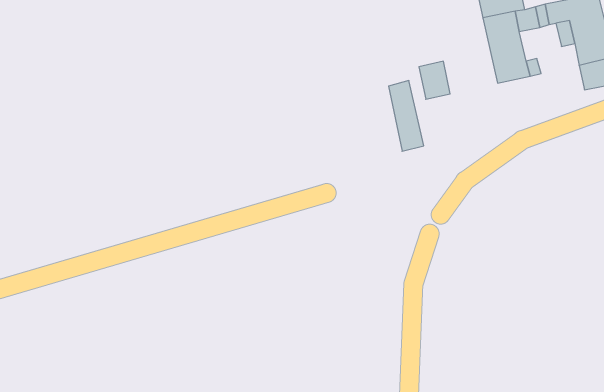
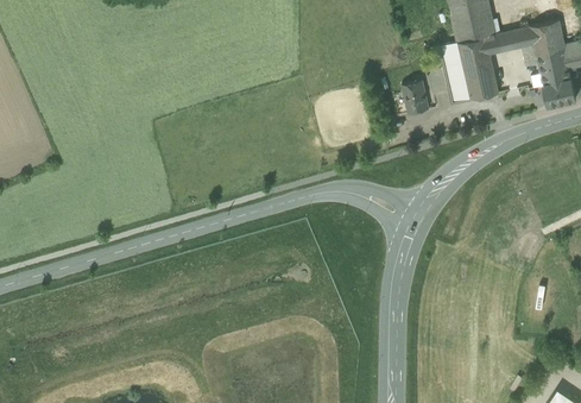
building: [389,81,424,151] -> [440,40,471,102]

